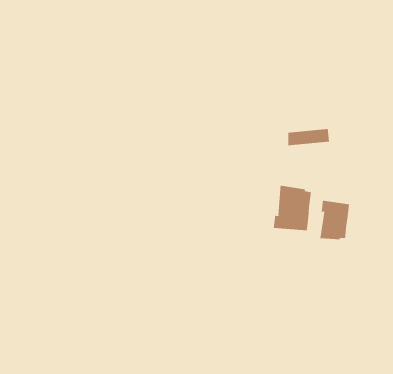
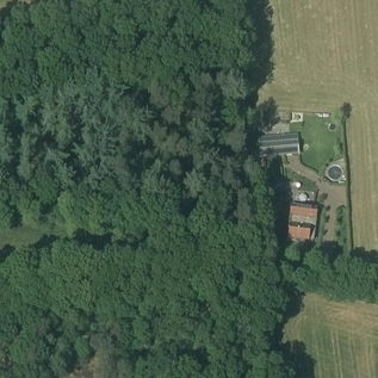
building: [273,185,311,231] -> none

